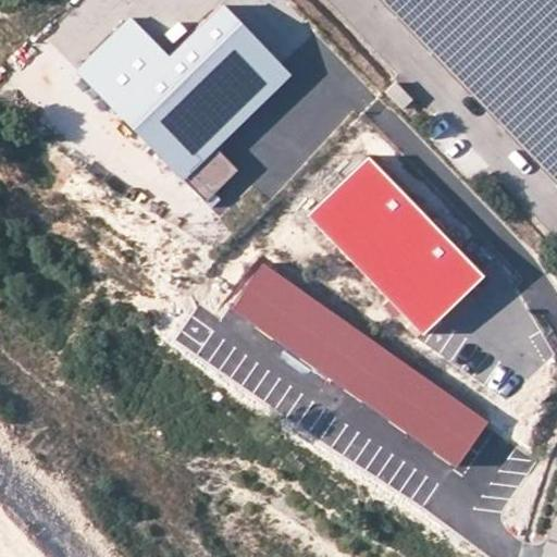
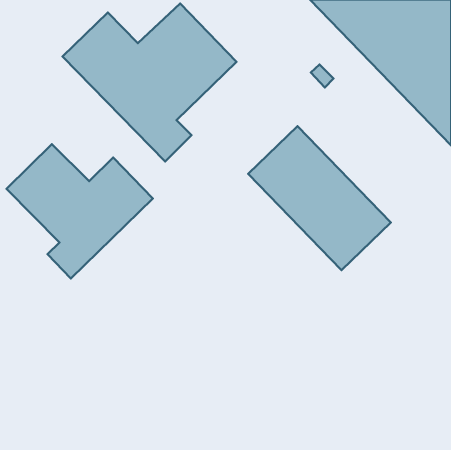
building: none -> [7,144,153,278]
building: [231,262,487,466] -> none

